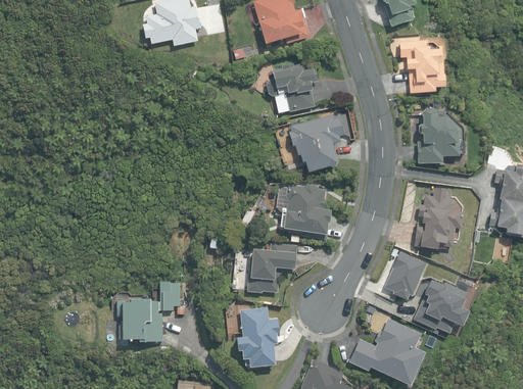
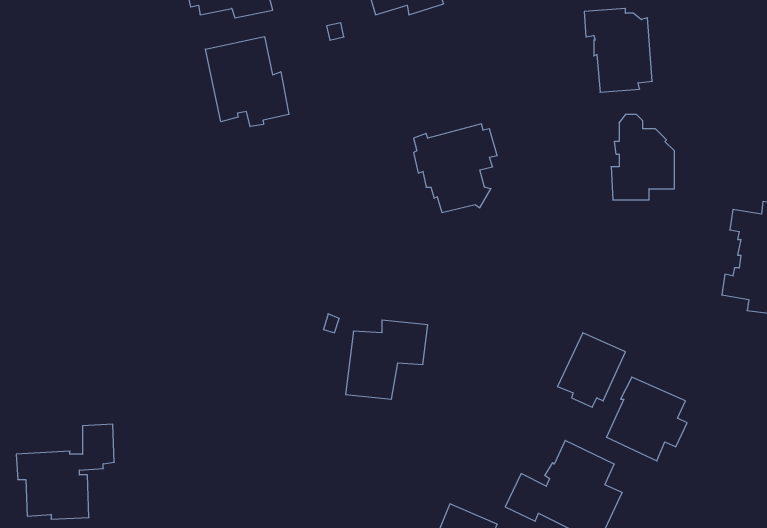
building: none -> [205,37,289,127]
building: [269,63,318,114] -> none
building: [279,184,331,240] -> none
building: [415,188,464,249] -> none
building: [117,281,181,342] -> [16,424,114,519]
building: [238,307,280,367] -> none

